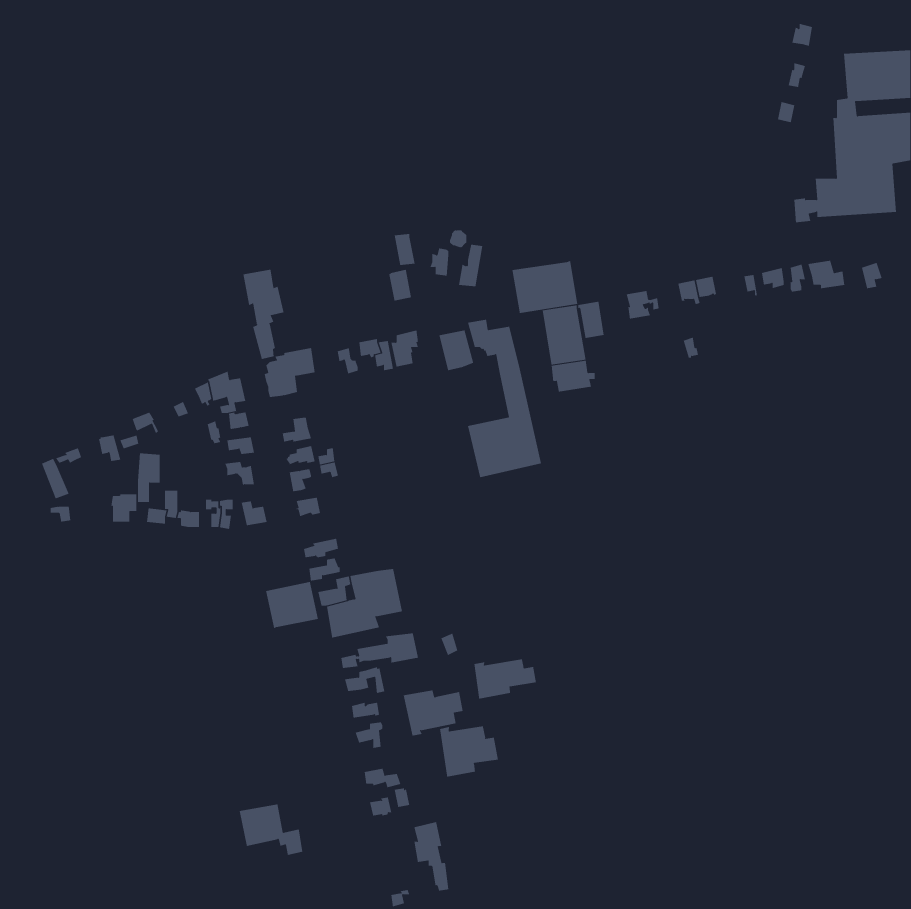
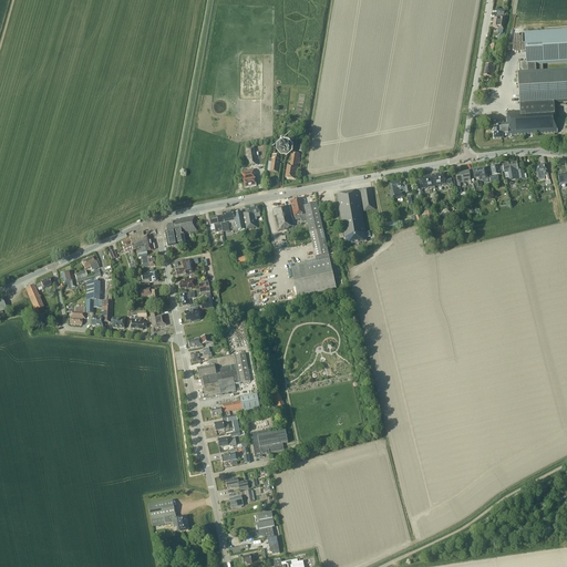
building: [512,260,578,314] -> none
building: [243,269,284,360] -> none
building: [265,581,319,629] -> none
building: [474,659,537,699] -> none
building: [439,726,498,778] -> none

